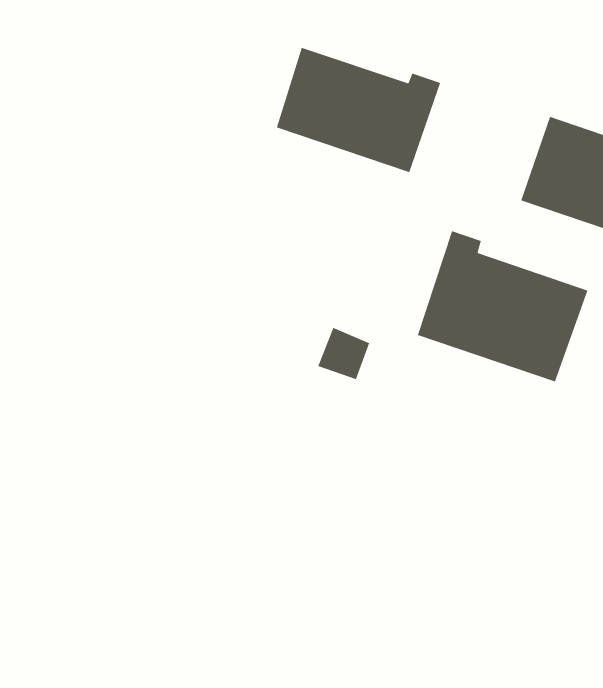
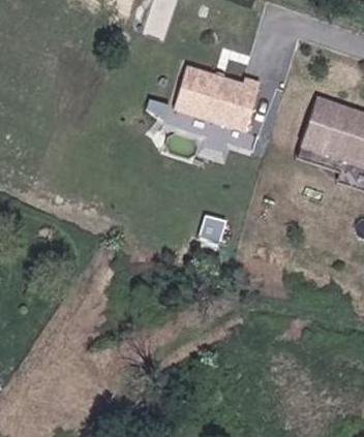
building: [417,230,588,383] -> none

